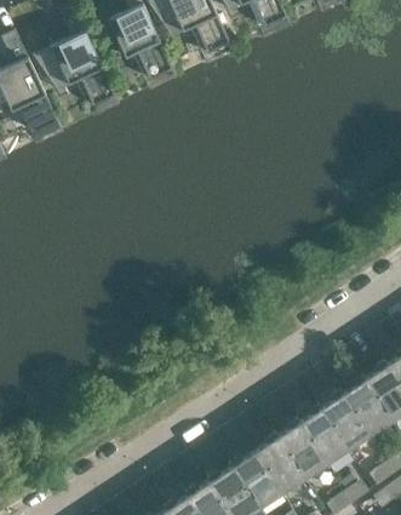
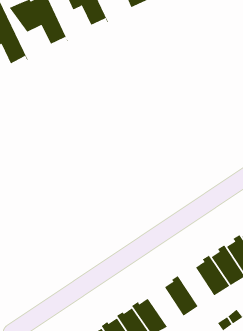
building: [273,418,323,477] -> none
building: [228,447,280,507] -> none

